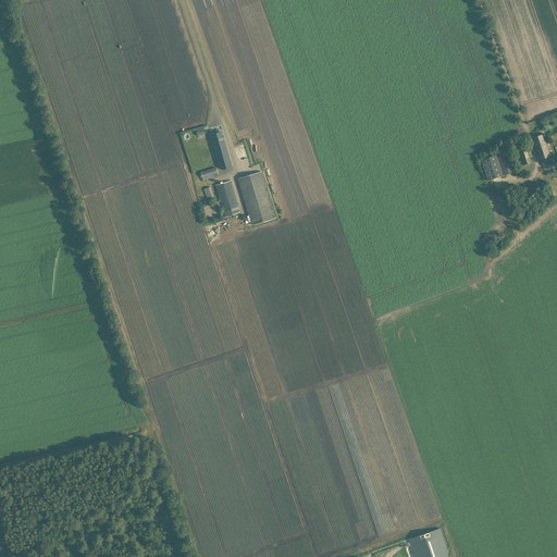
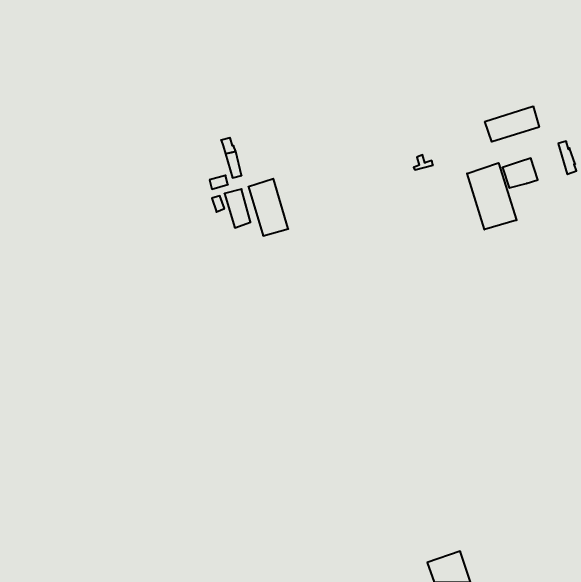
building: none -> [485,106,539,142]
building: none -> [467,163,517,230]

